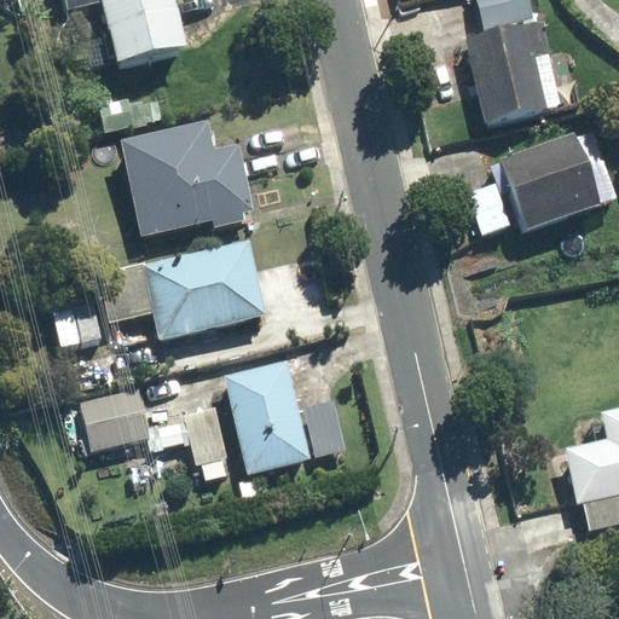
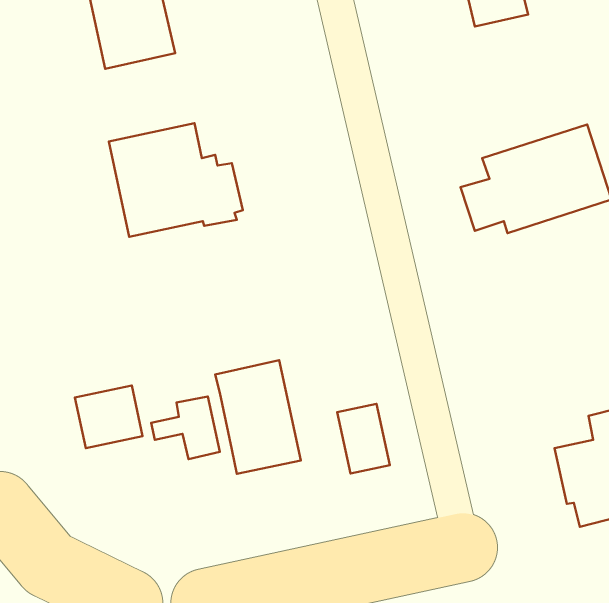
building: [465,21,586,125] -> none
building: [98,241,266,340] -> none
building: none -> [337,404,390,473]

